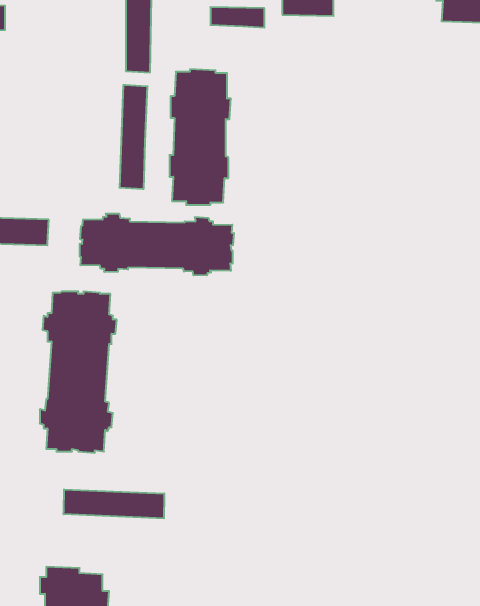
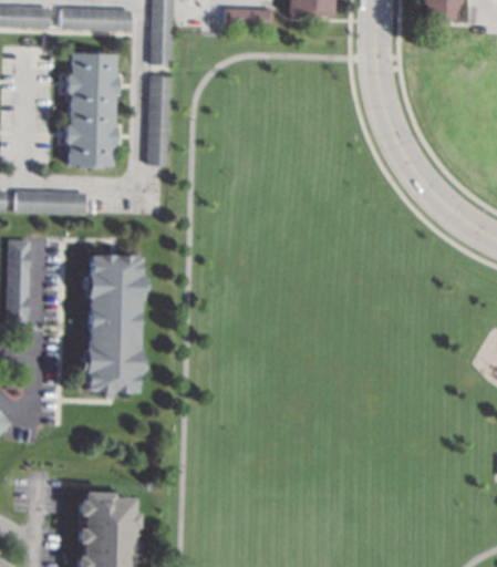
building: none -> [62,7,133,30]
building: [169,69,231,205] -> [66,50,120,167]
building: [80,214,234,275] -> none
building: [64,489,164,518] -> none

